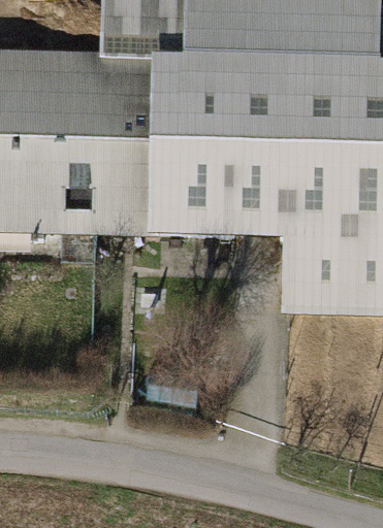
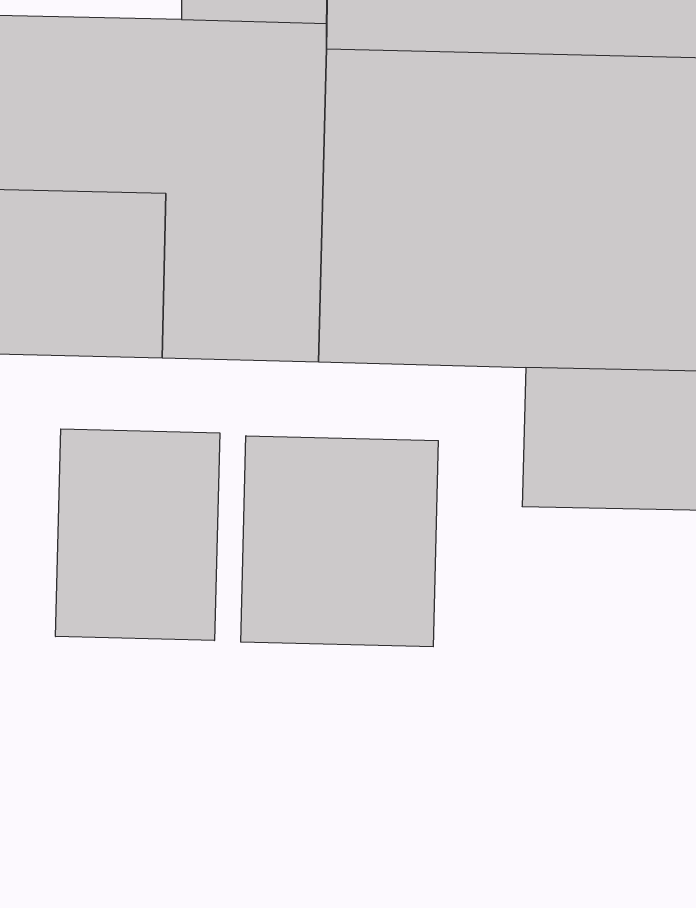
building: none -> [56,429,220,641]
building: none -> [241,436,438,647]

